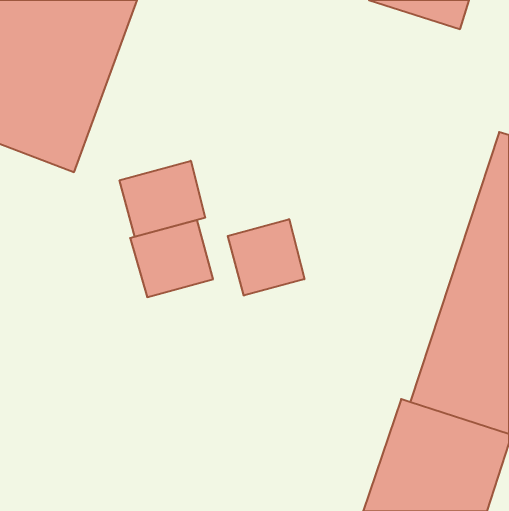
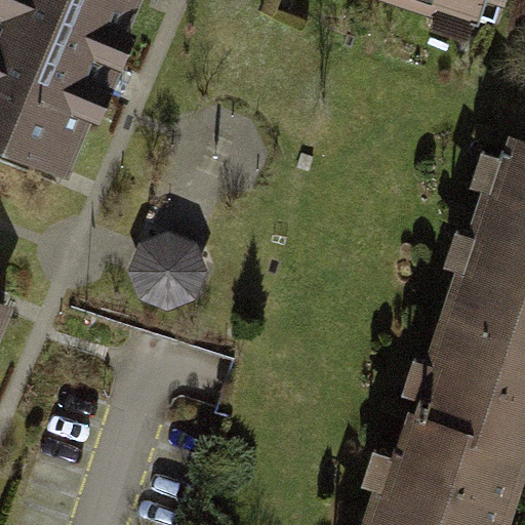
building: [120,161,205,237] -> none
building: [228,219,304,296] -> none

